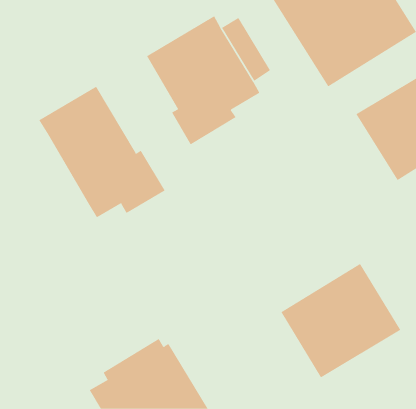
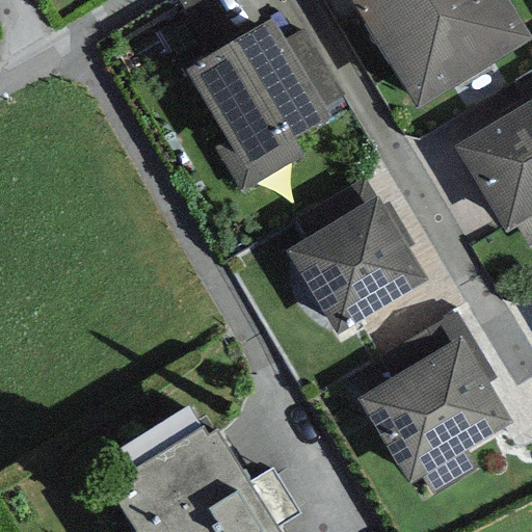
building: [38,86,166,218] -> none
building: none -> [288,195,428,335]

